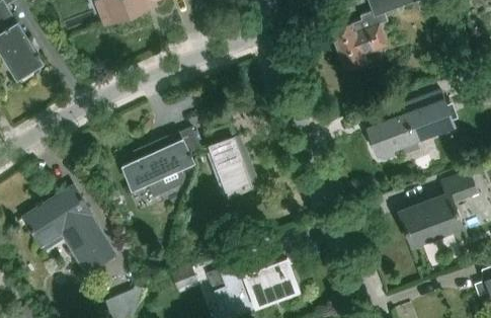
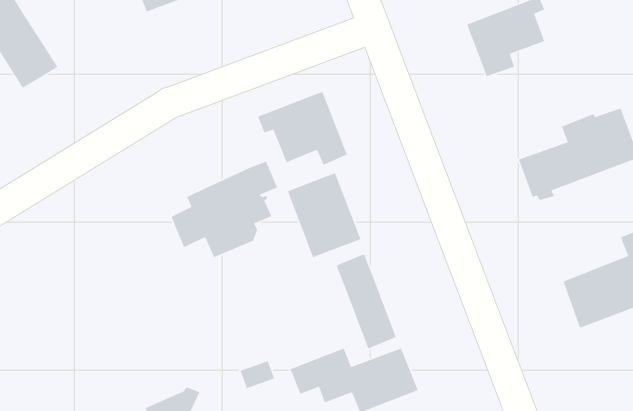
building: none -> [257,91,348,166]
building: [23,186,117,274] -> none
building: none -> [335,253,397,350]

